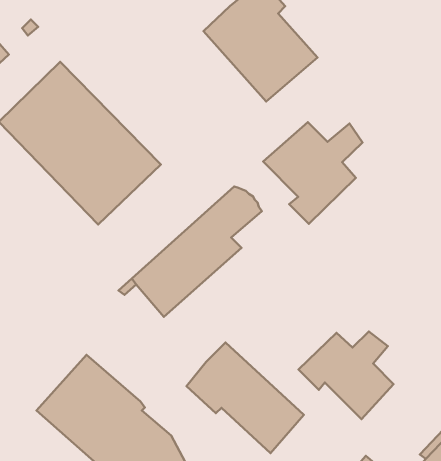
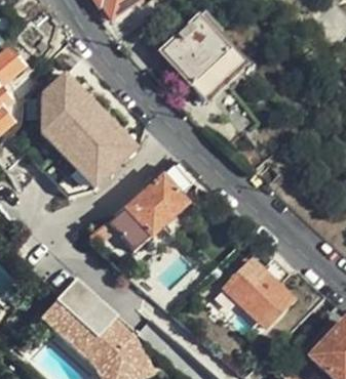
building: [263,122,363,224] -> none
building: [186,343,304,453] -> none

